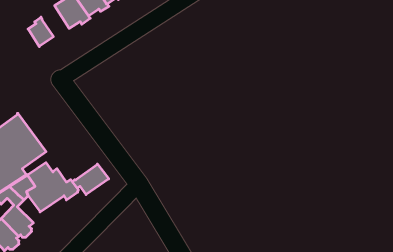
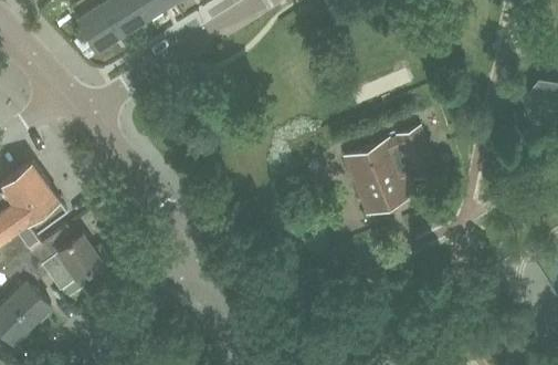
building: [28,17,53,47] -> none
building: none -> [344,128,431,215]
building: [72,164,109,195] -> none

